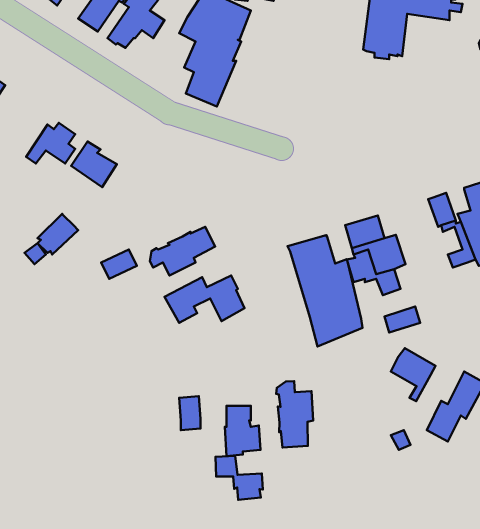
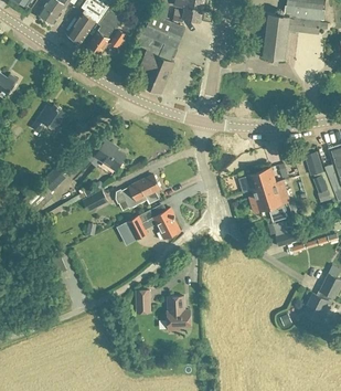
building: [71,142,117,187] -> [95,140,126,171]
building: [287,235,363,346] -> none
building: [391,348,435,401] -> none
building: [276,381,313,447] -> none
building: [216,456,263,500] -> none

